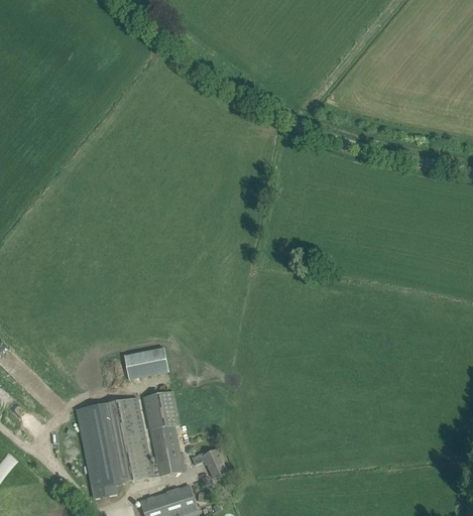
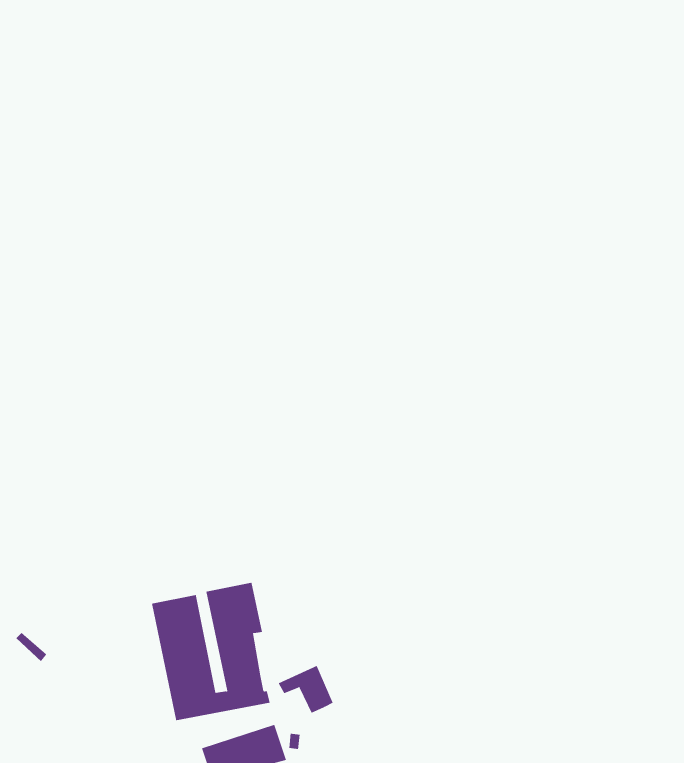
building: [123,348,167,380] -> none
building: [76,404,121,498] -> none

